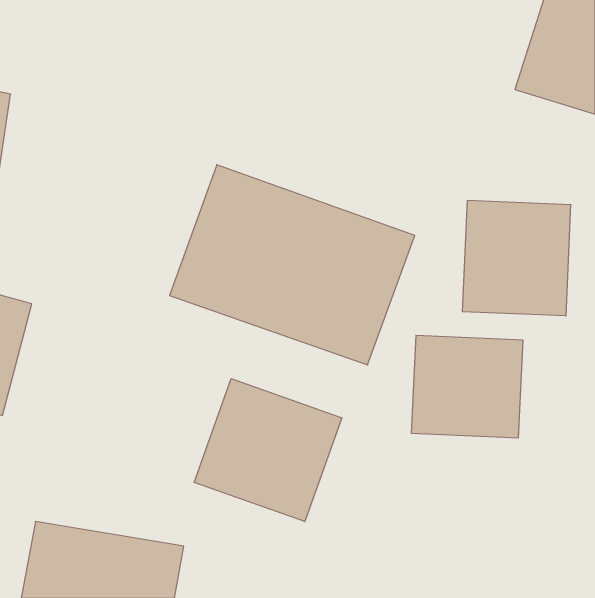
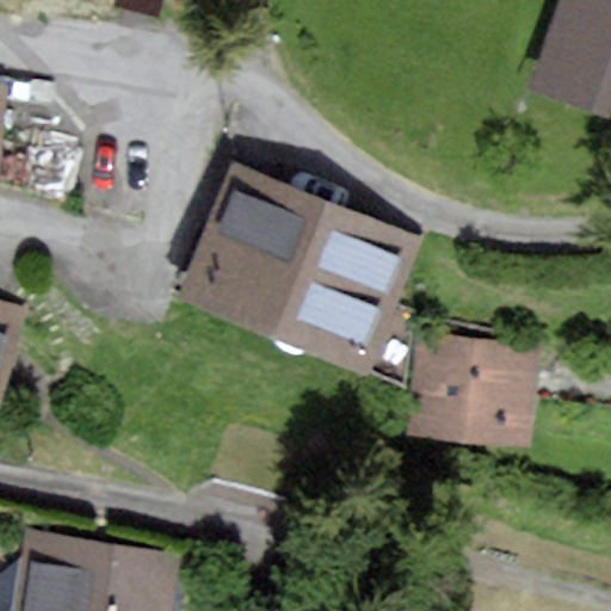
building: [463,200,571,316] -> none
building: [194,379,342,522] -> none

